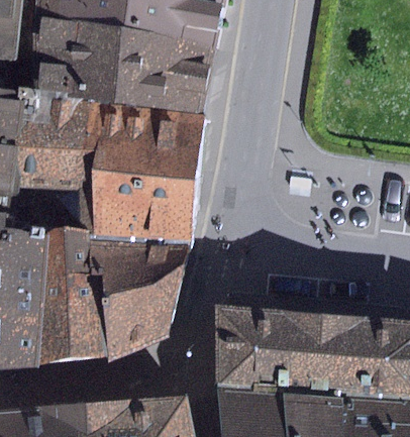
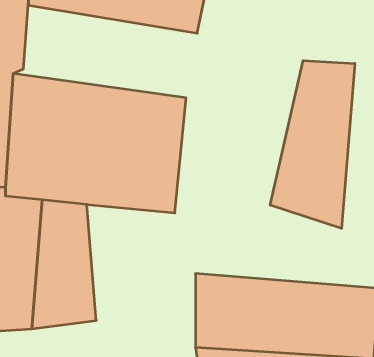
building: [27,16,215,111] -> none
building: none -> [270,61,355,228]
building: [96,231,191,362] -> none

